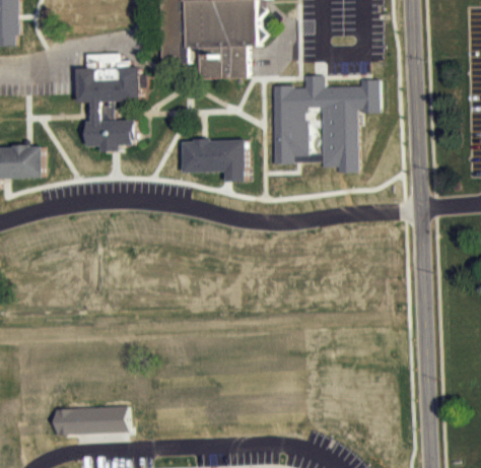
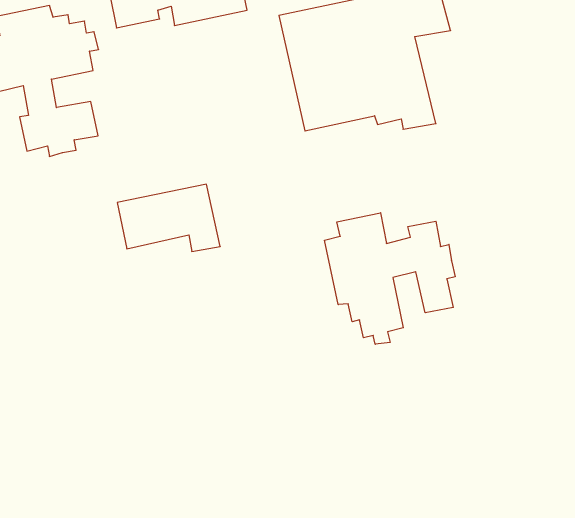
building: [183,138,246,181] -> [117,184,220,251]
building: none -> [325,213,455,344]

